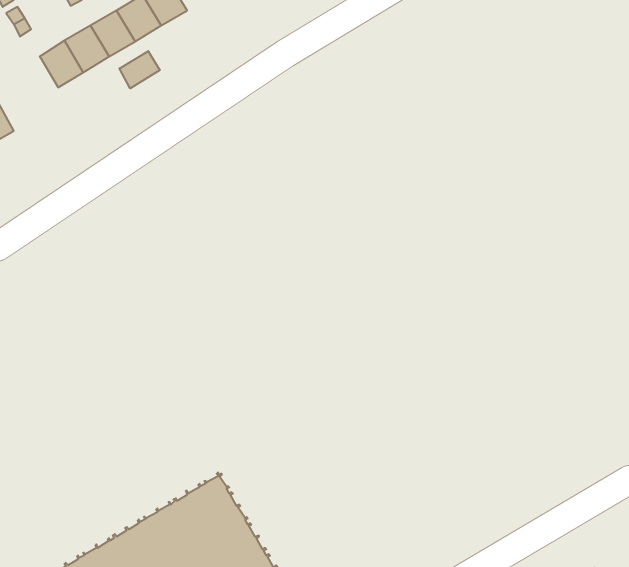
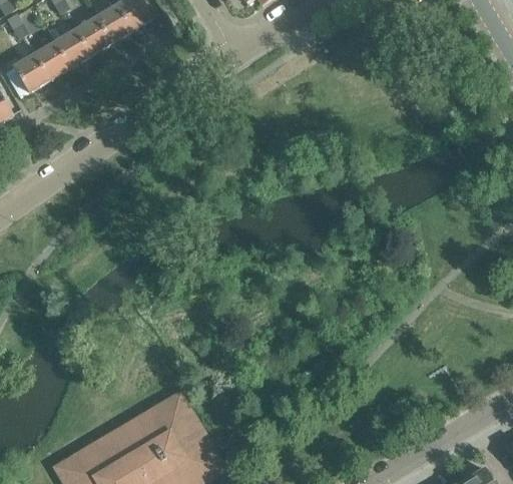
building: [119,51,160,88] -> none
building: none -> [12,54,48,91]

